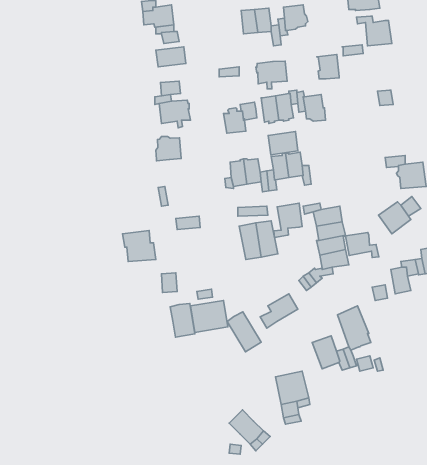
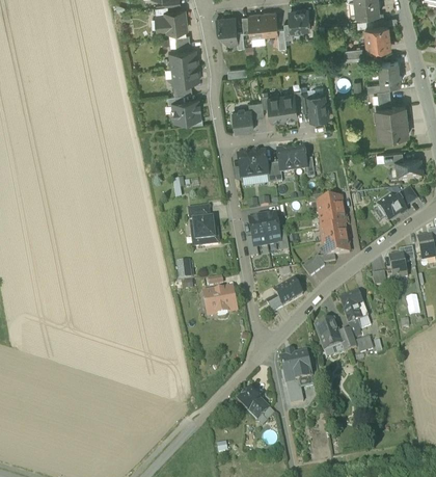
building: none -> [216,15,238,41]
building: [317,55,339,79] -> [379,58,400,81]
building: [256,61,287,89] -> none
building: none -> [165,62,199,80]
building: none -> [376,103,408,135]
building: [268,131,298,155] -> none
building: [156,136,181,161] -> none
building: [274,203,302,238] -> none
building: [123,231,156,262] -> [189,218,220,247]
building: [345,233,379,258] -> none
building: [170,303,195,337] -> none
building: [227,312,261,352] -> none

